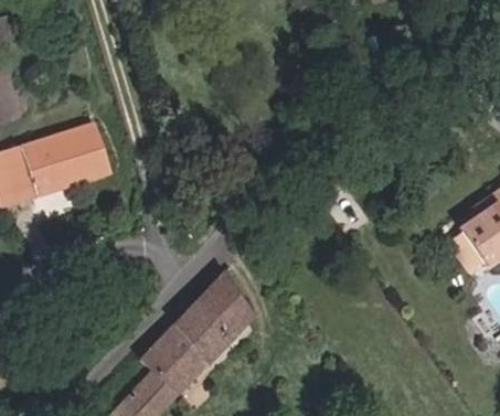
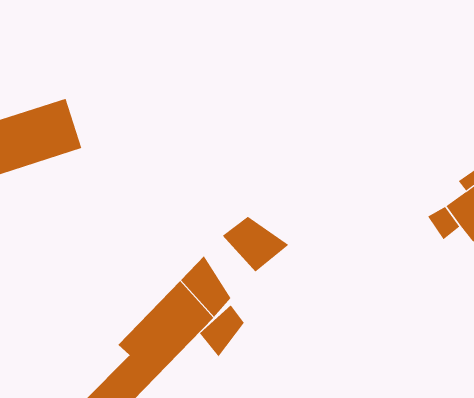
building: none -> [222,216,289,273]
building: none -> [199,304,244,357]

